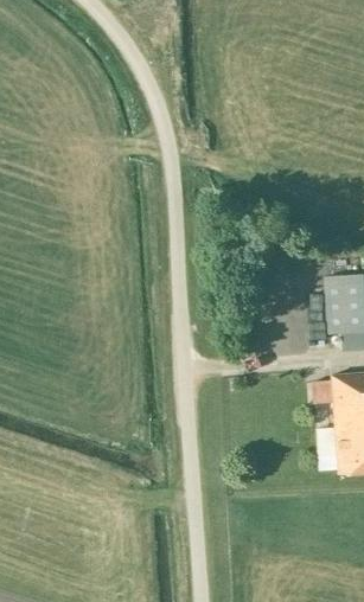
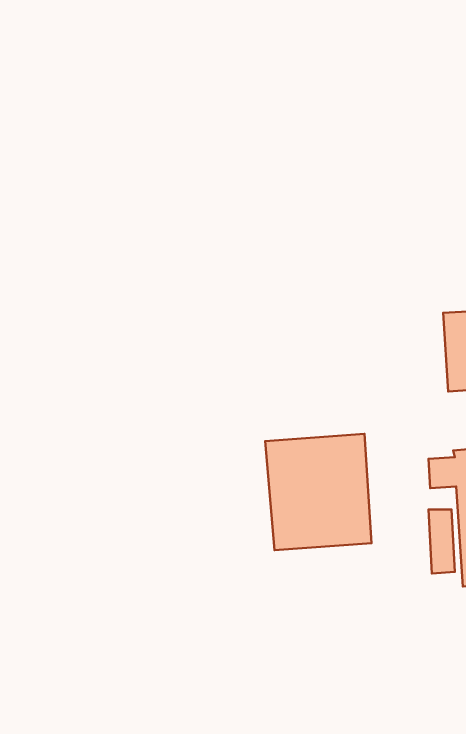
building: none -> [265,434,372,550]

